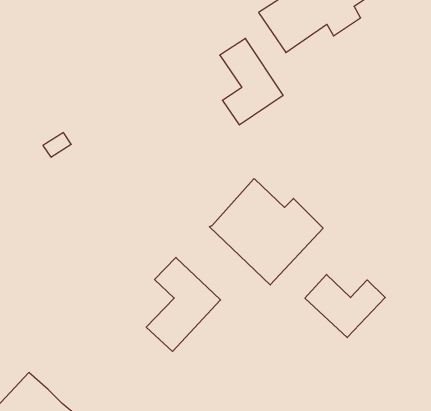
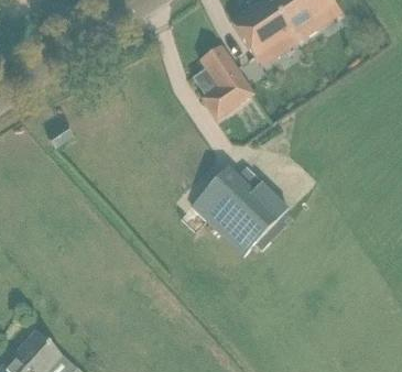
building: [146,257,221,351] -> none
building: [305,274,385,338] -> none

